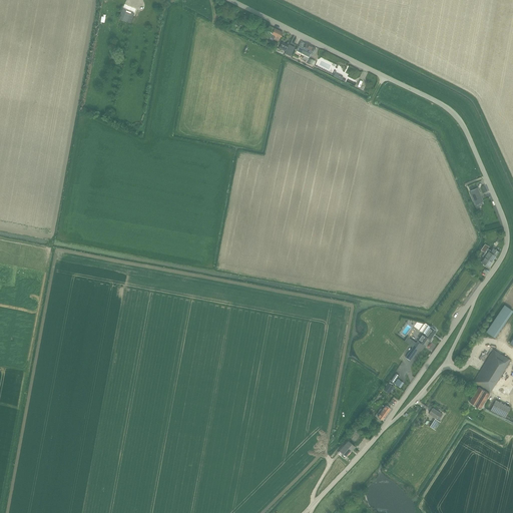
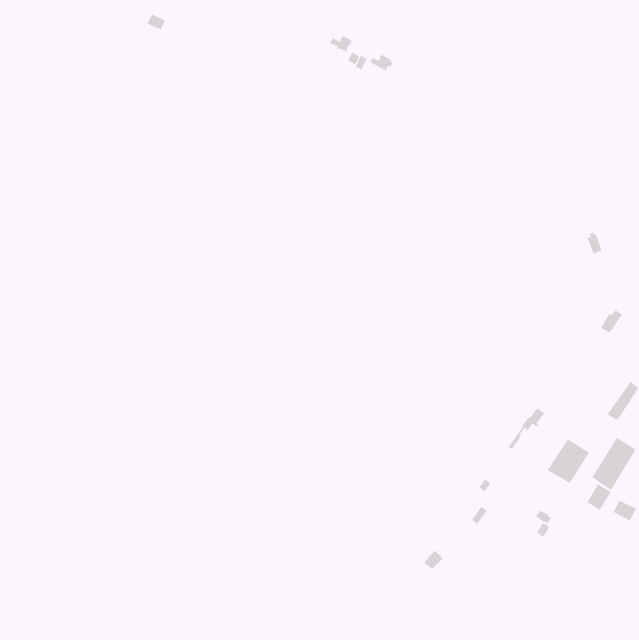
building: none -> [547,438,590,484]

